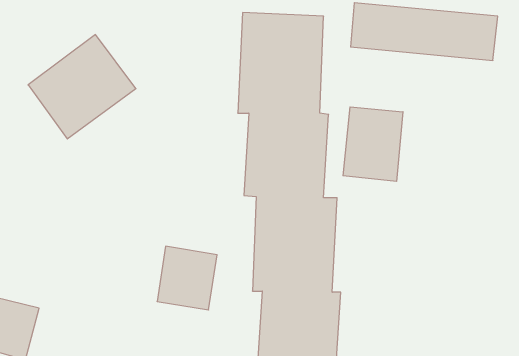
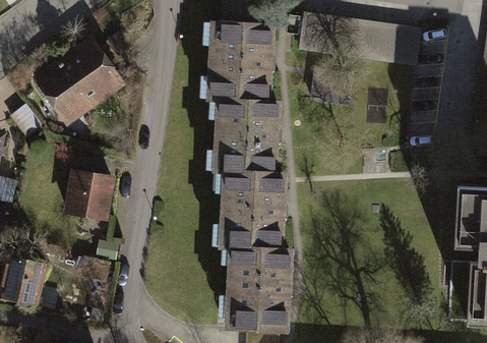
building: [343,107,403,181] -> none
building: [157,246,217,310] -> [65,166,115,219]

